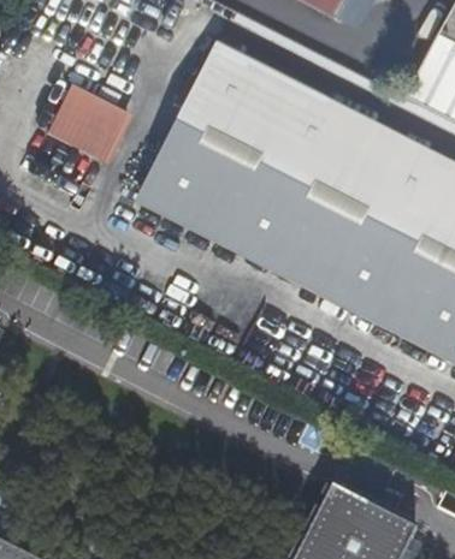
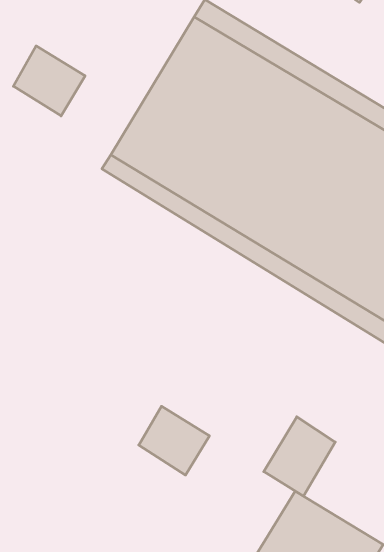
building: none -> [139,406,209,475]
building: none -> [264,417,335,496]

